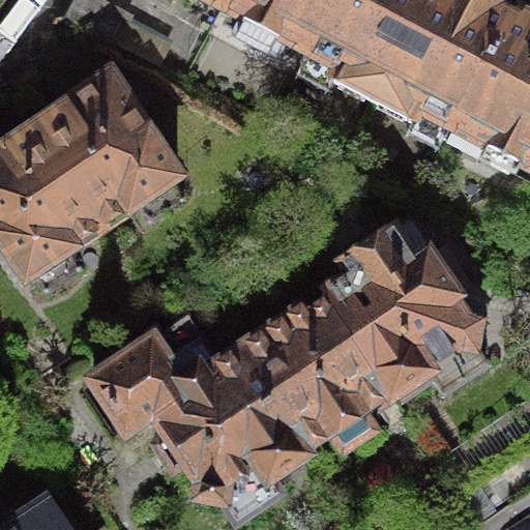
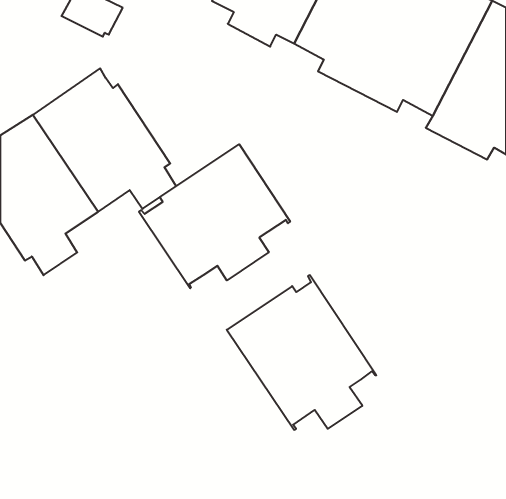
building: none -> [139,144,290,288]
building: [324,223,488,392] -> none
building: [92,310,307,517] -> none

